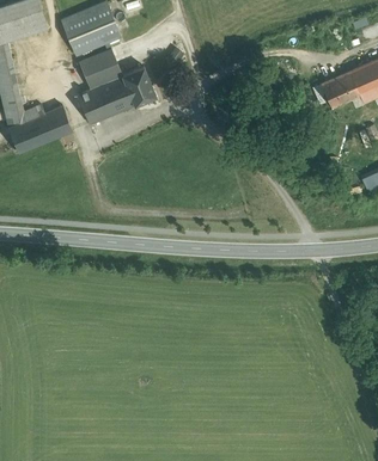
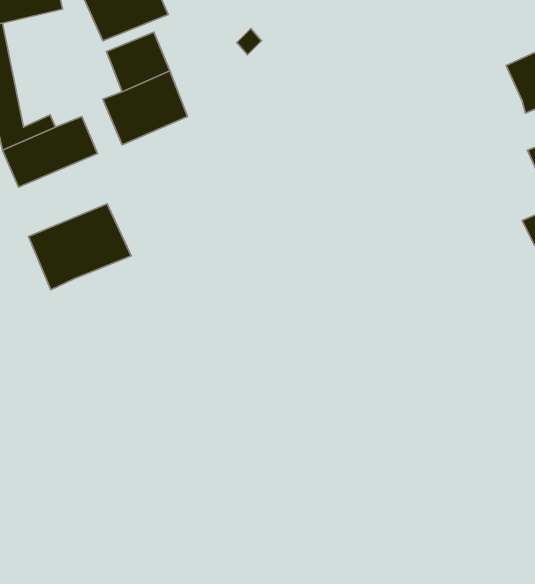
building: [121,67,156,106] -> none
building: [319,72,360,109] -> none
building: none -> [29,204,131,290]

